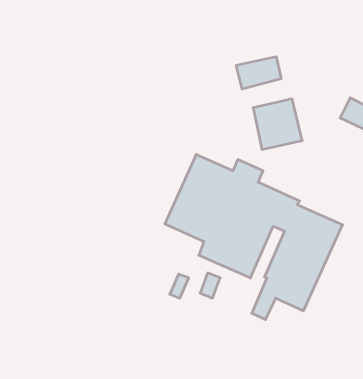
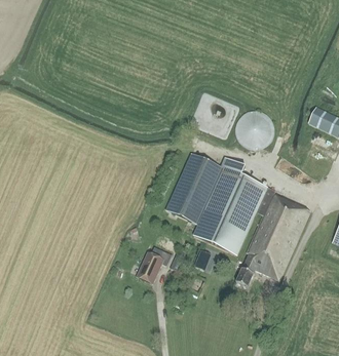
building: [236,57,281,89] -> none
building: none -> [137,246,172,283]

